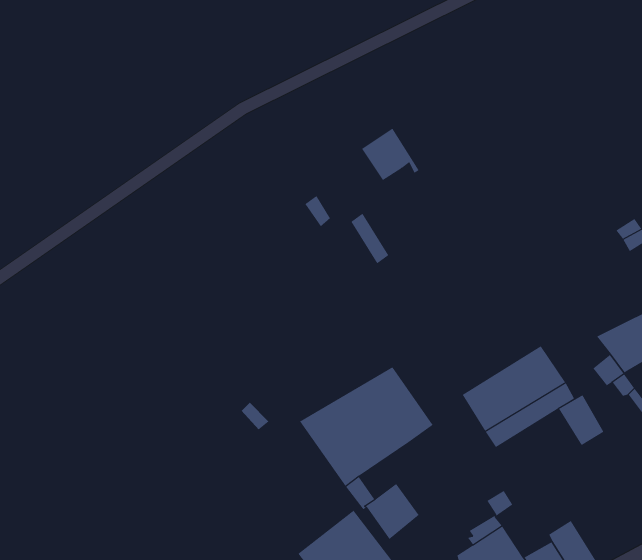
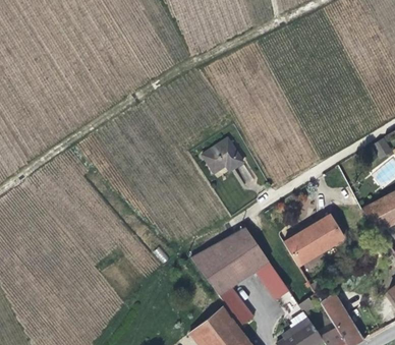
building: [361,128,419,181] -> [202,142,235,173]
building: [558,395,604,446] -> [321,293,347,323]
building: none -> [253,260,289,300]

